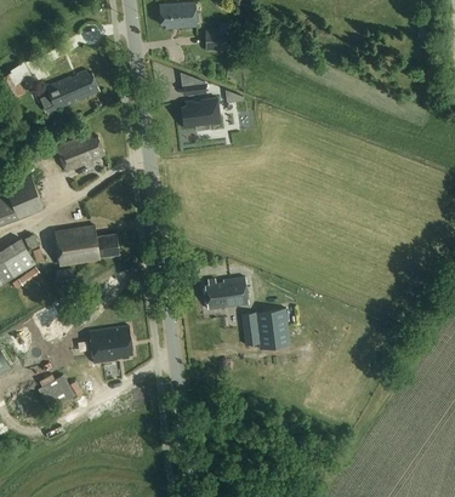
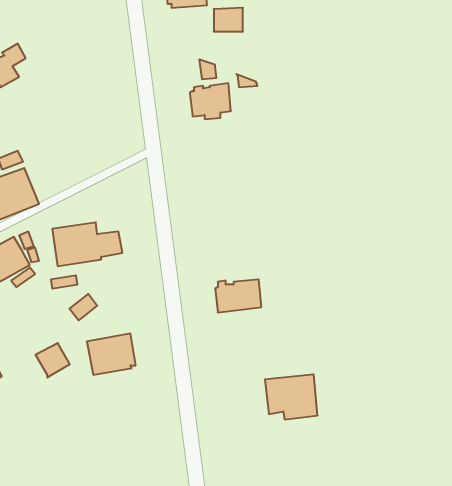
building: [46,70,98,109] -> none
building: [56,132,104,171] -> none
building: [240,309,289,350] -> [265,374,318,419]
building: [42,375,74,406] -> [35,343,70,378]

